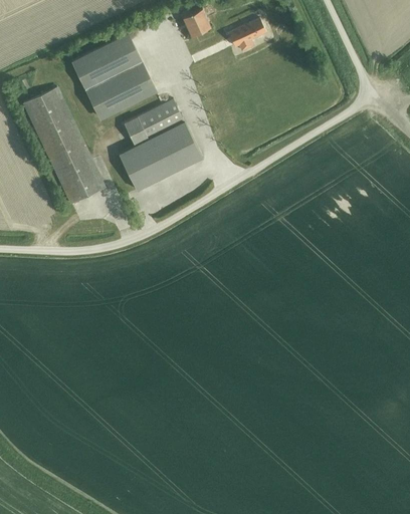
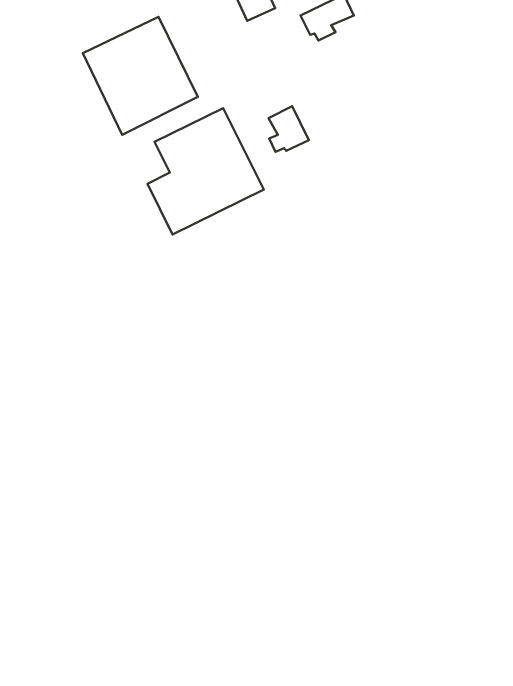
building: [23,87,105,204] -> none
building: none -> [268,106,309,152]

